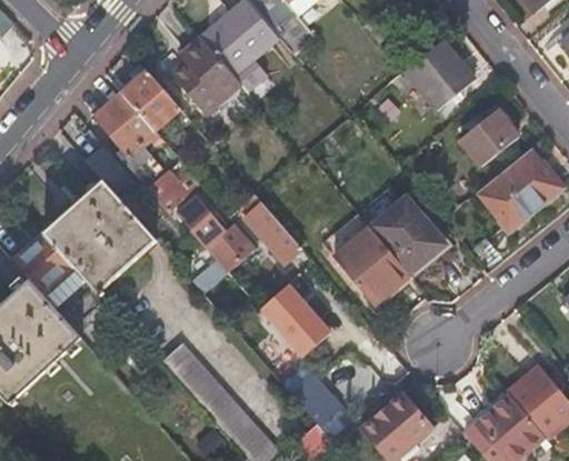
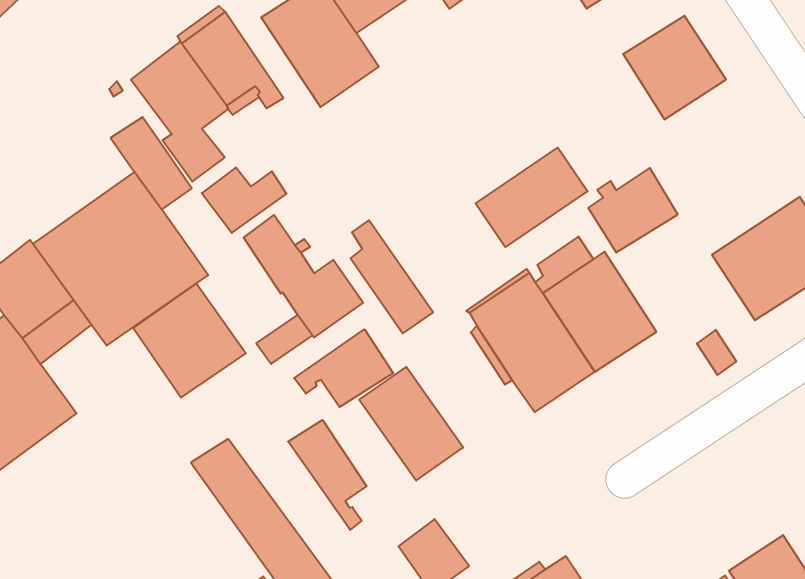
building: [460,109,518,166] -> [588,168,678,253]
building: none -> [476,148,588,247]
building: none -> [133,283,246,398]
building: none -> [294,329,393,407]
building: none -> [288,420,367,530]

